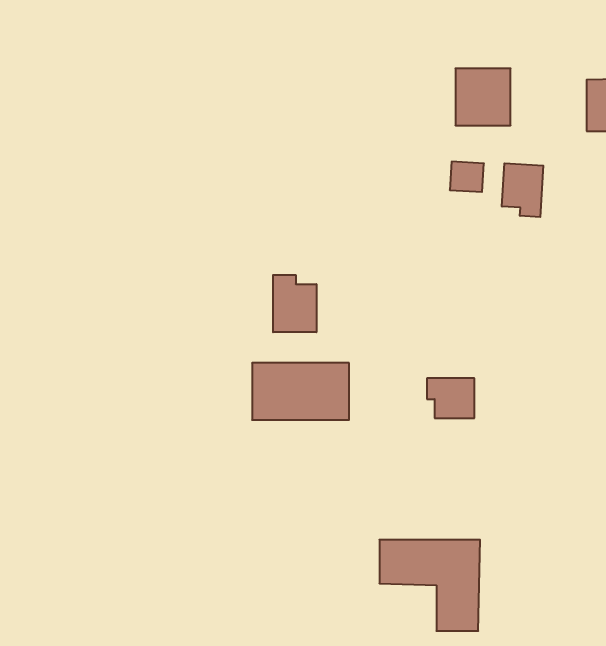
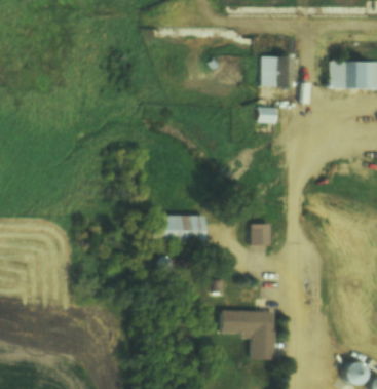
building: [502,163,543,217] -> none
building: [273,275,316,332] -> none

